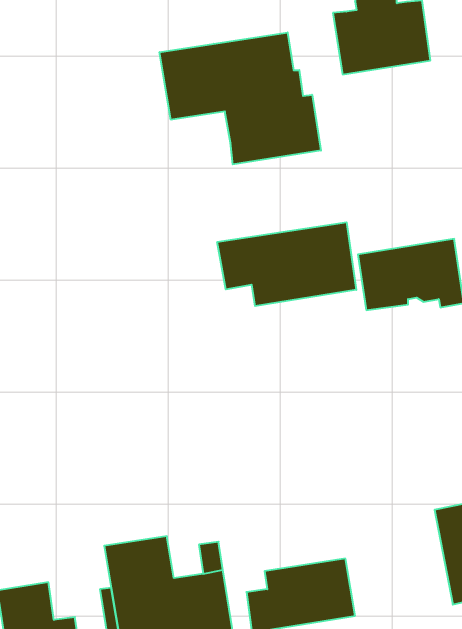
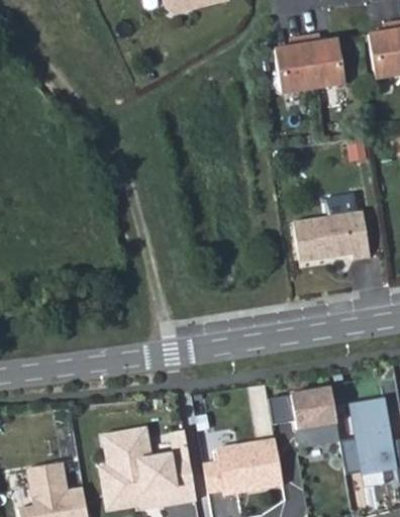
building: [160,32,321,164] -> none
building: [217,222,356,306] -> none
building: none -> [285,386,333,445]

